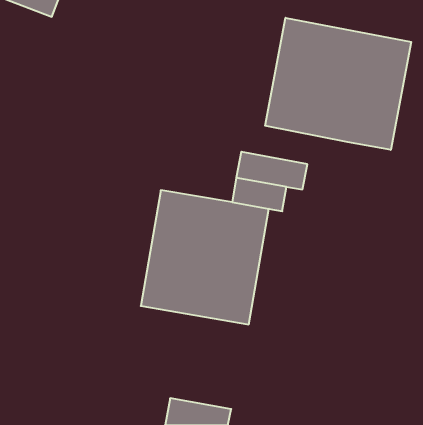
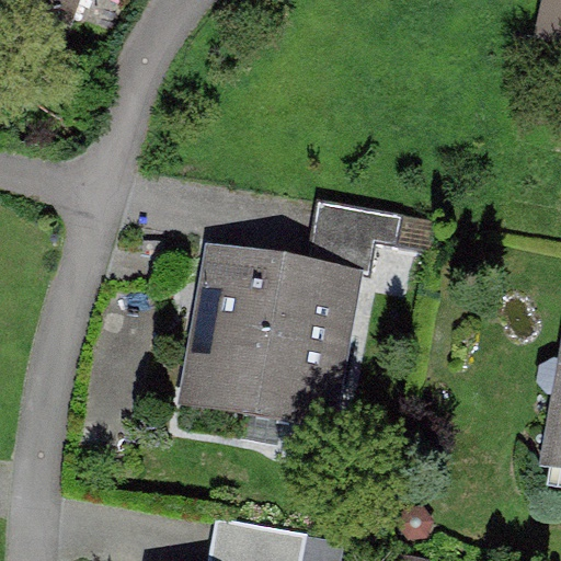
building: [265,18,411,150] -> none

